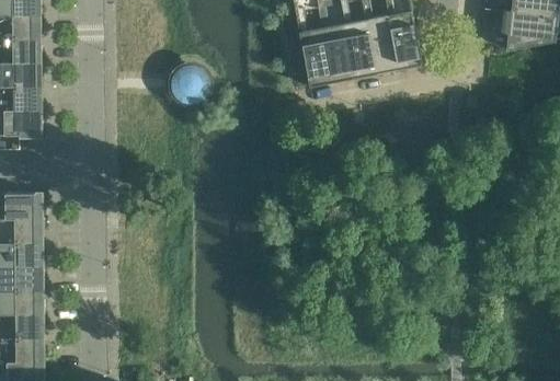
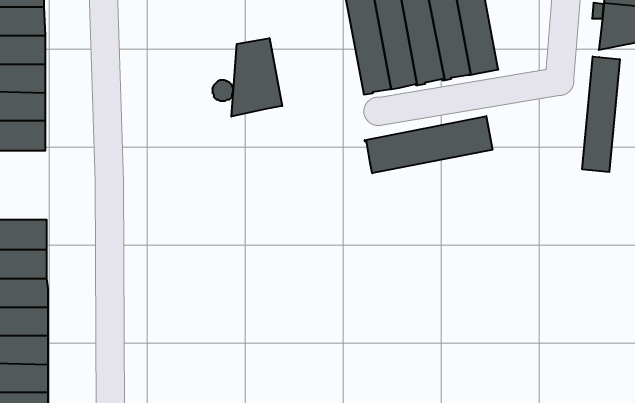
building: none -> [231,38,282,117]
building: none -> [582,56,620,172]
building: none -> [365,116,492,173]

